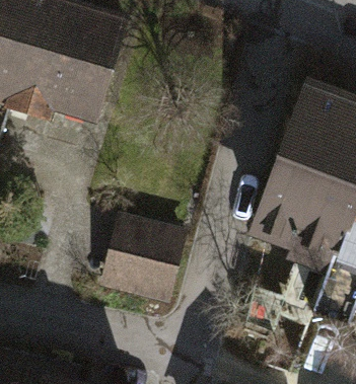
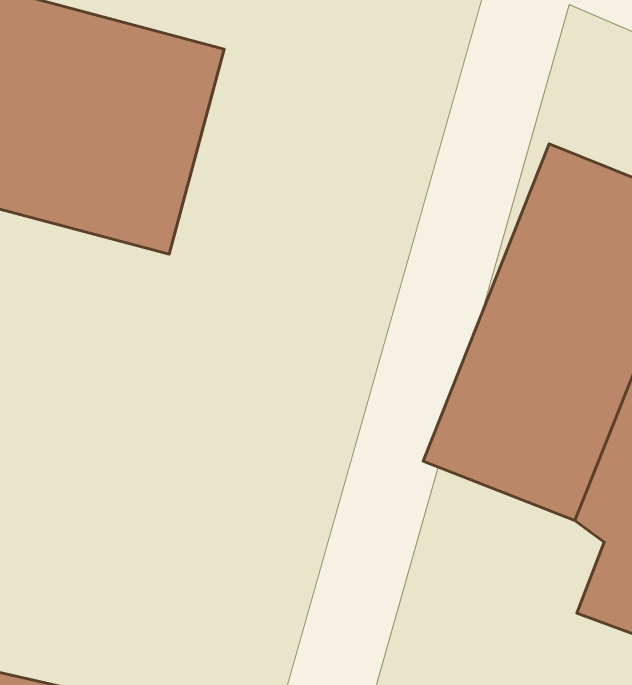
building: [105,222,196,317] -> none

